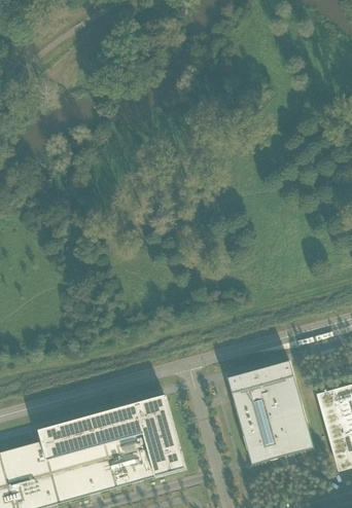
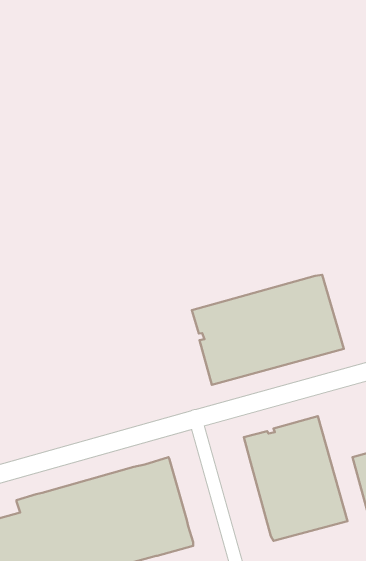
building: none -> [192,275,344,385]

